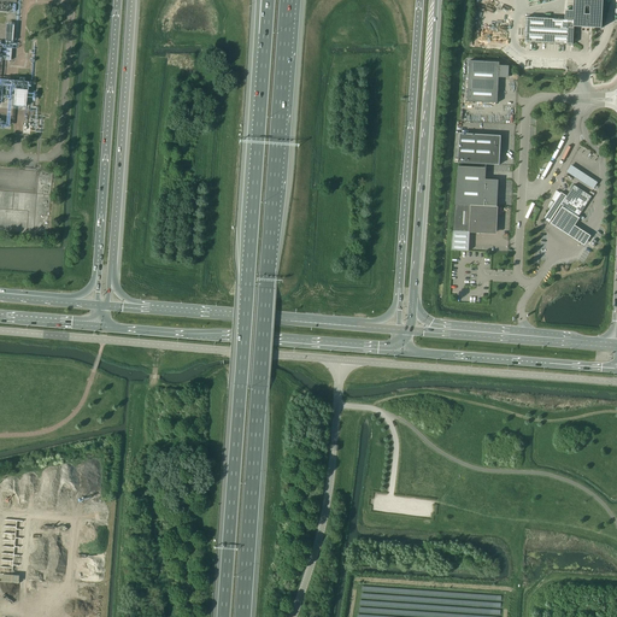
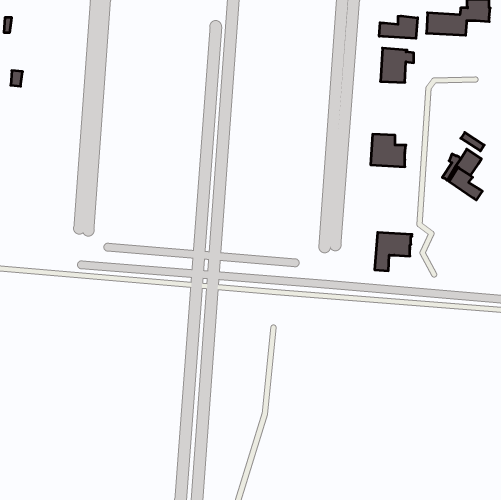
building: none -> [379,16,418,38]
building: [458,133,503,164] -> none
building: [452,202,498,249] -> [375,232,412,271]

